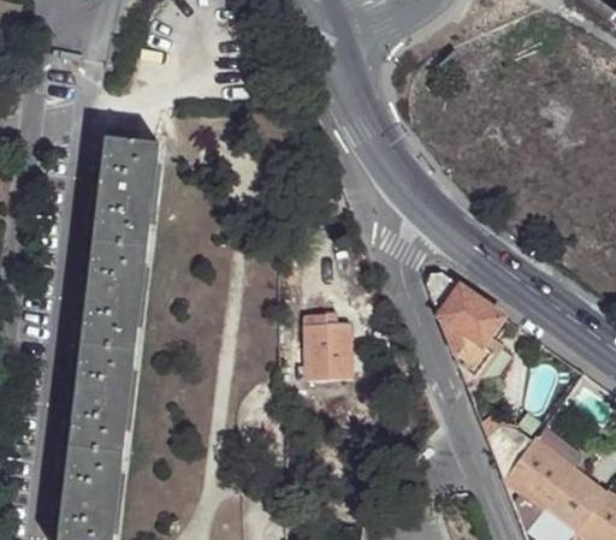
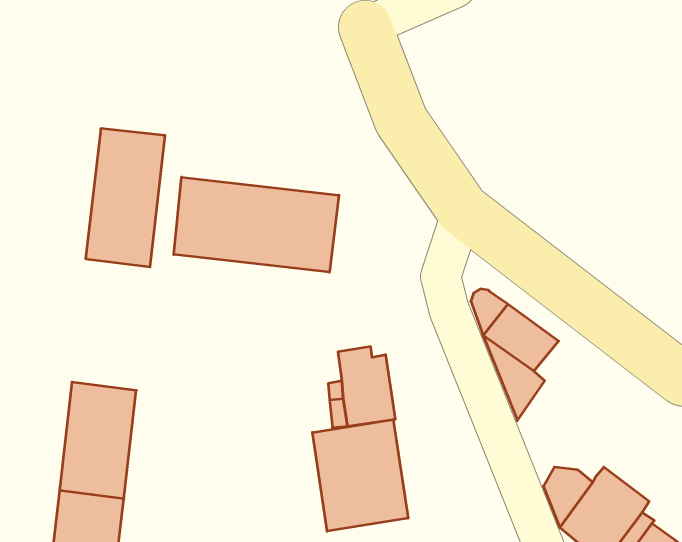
building: none -> [174,177,339,272]
building: [78,248,147,363] -> none
building: none -> [312,419,408,531]

